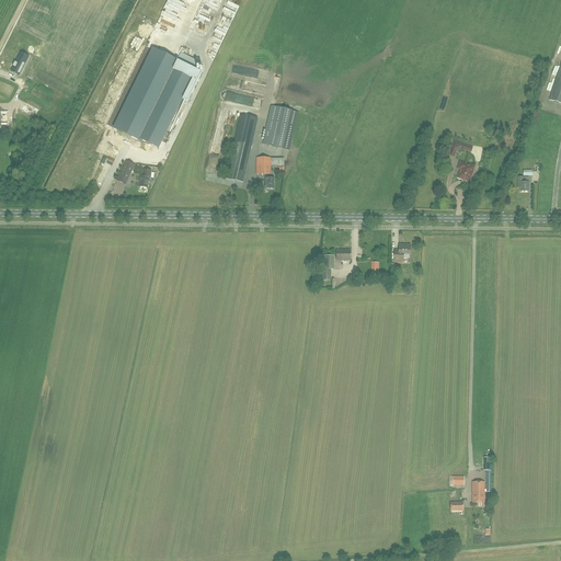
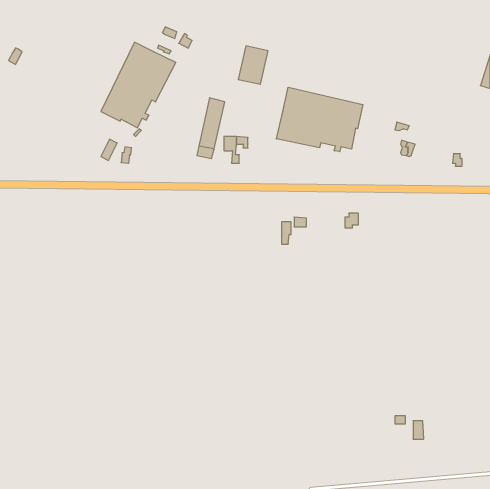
building: none -> [276,87,363,152]
building: [262,104,296,148] -> [238,46,268,84]

